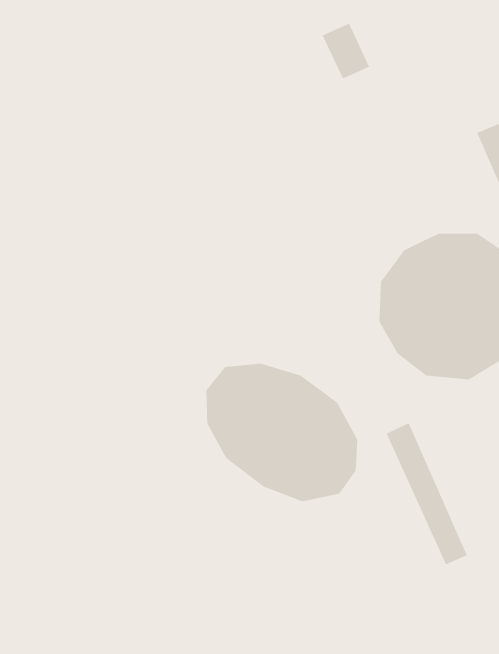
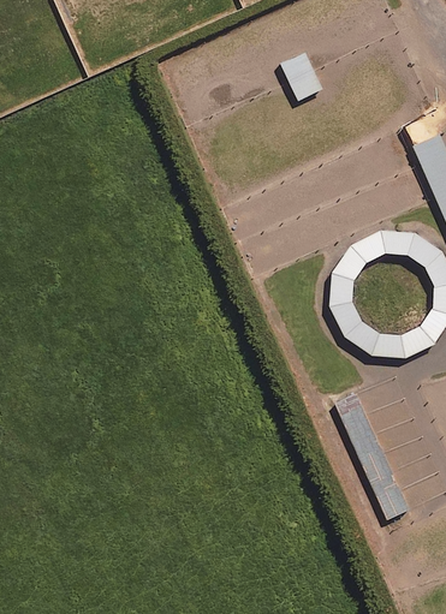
building: [206,363,358,502] -> none

